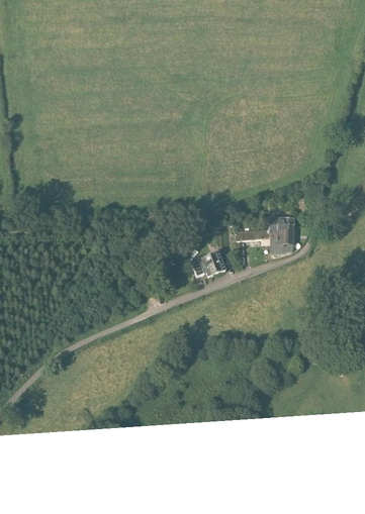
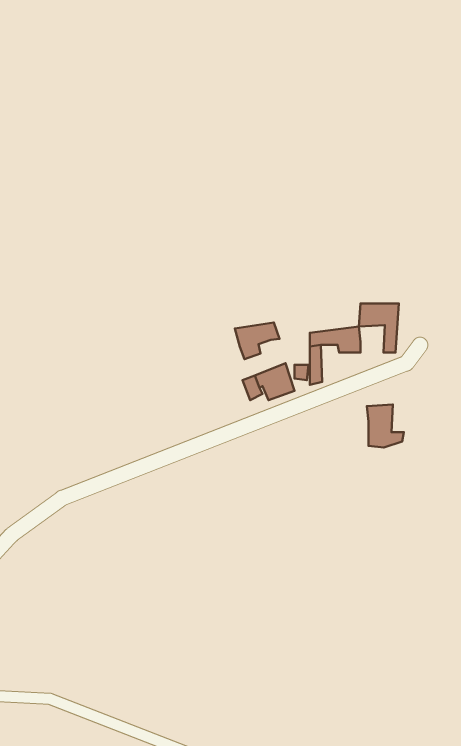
building: none -> [235,323,280,359]
building: [269,225,293,253] -> [367,405,404,447]

